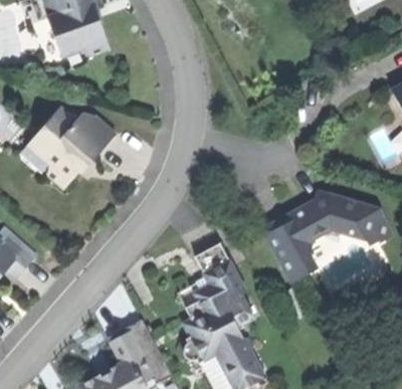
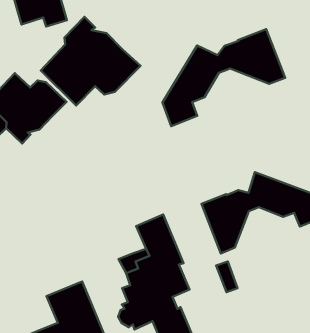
building: none -> [162,29,285,126]
building: none -> [41,17,140,105]

